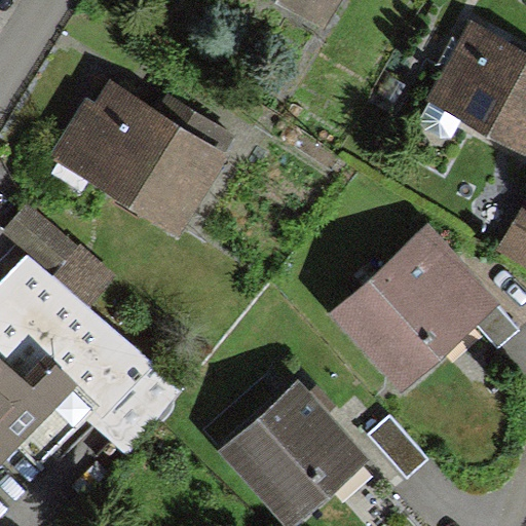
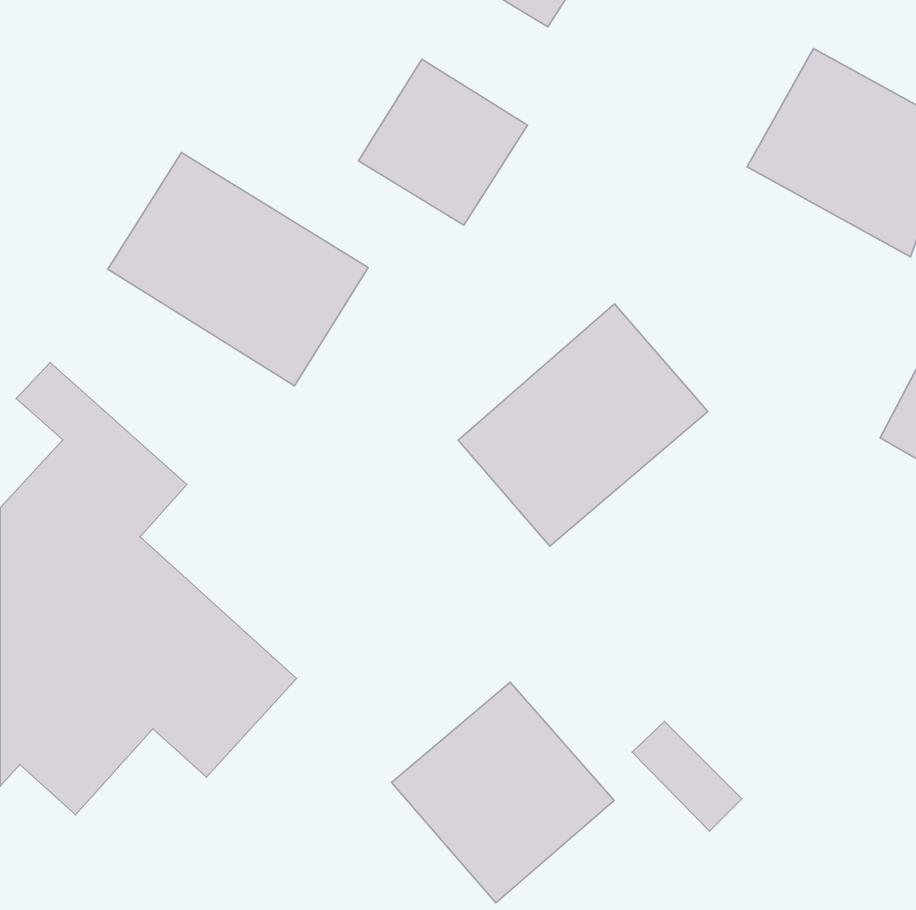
building: none -> [358,59,528,225]
building: [340,236,483,375] -> [458,304,708,546]

